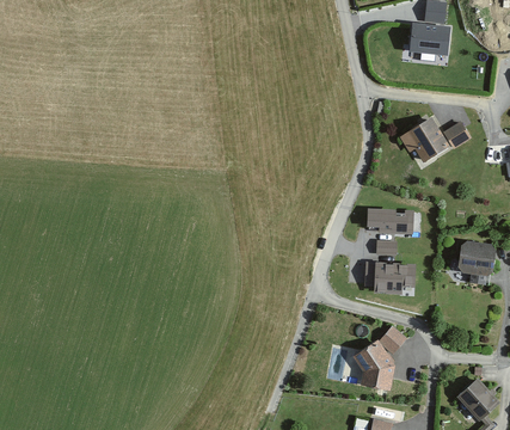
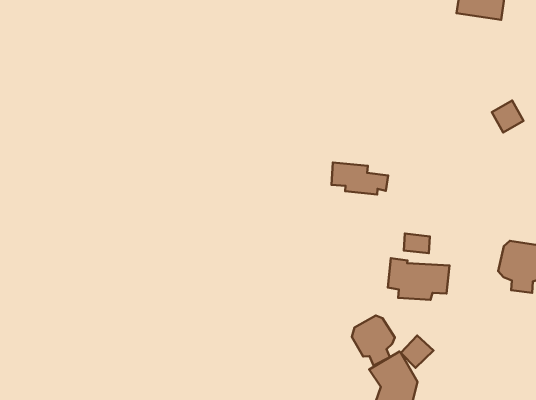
building: [399,116,449,160] -> none
building: [368,208,416,233] -> [331,162,388,195]
building: none -> [352,316,395,365]

